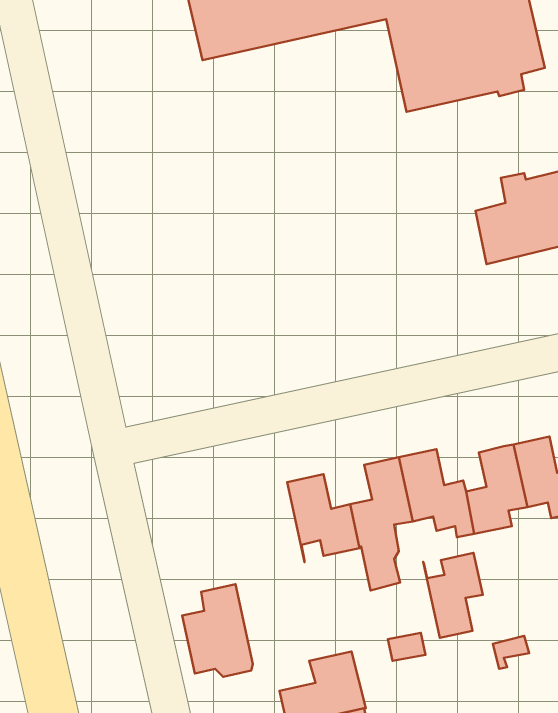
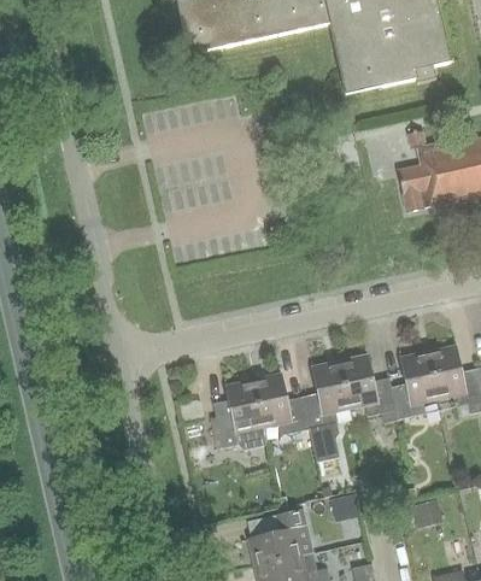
building: [423,553,483,638] -> none
building: [182,584,253,677] -> [211,378,265,450]

